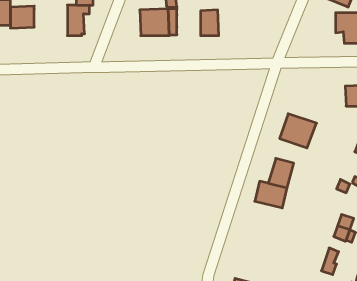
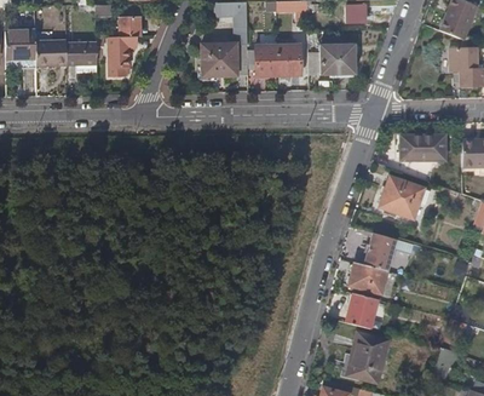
building: none -> [65,42,96,65]
building: none -> [254,45,277,76]
building: none -> [318,45,355,75]
building: none -> [399,134,445,160]
building: none -> [348,293,378,328]
building: none -> [346,332,388,383]

